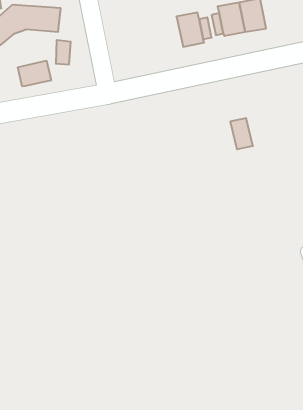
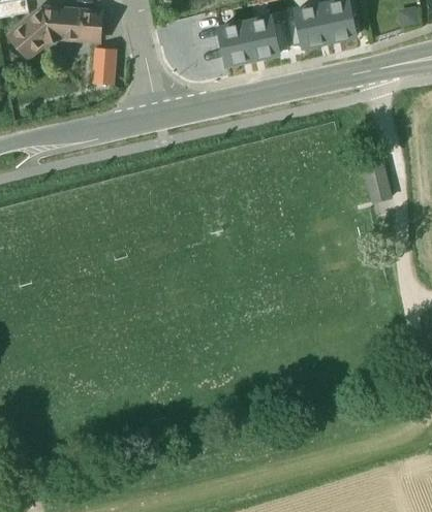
building: none -> [218,22,252,64]
building: [18,61,51,86] -> none
building: [230,118,253,149] -> [363,162,391,200]

